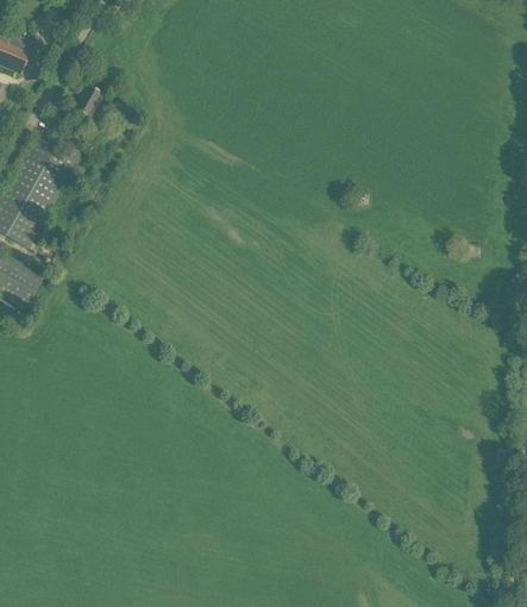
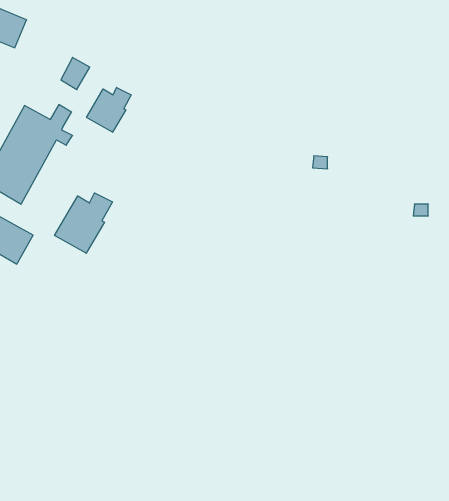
building: none -> [87,87,131,132]
building: none -> [55,193,112,253]

